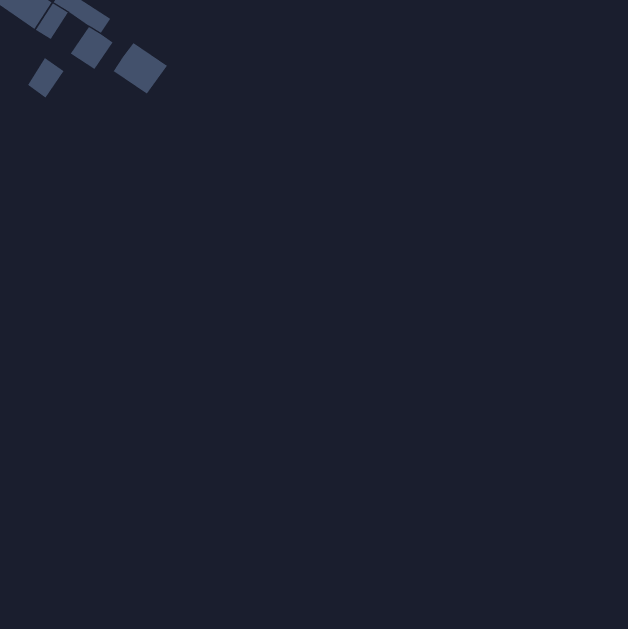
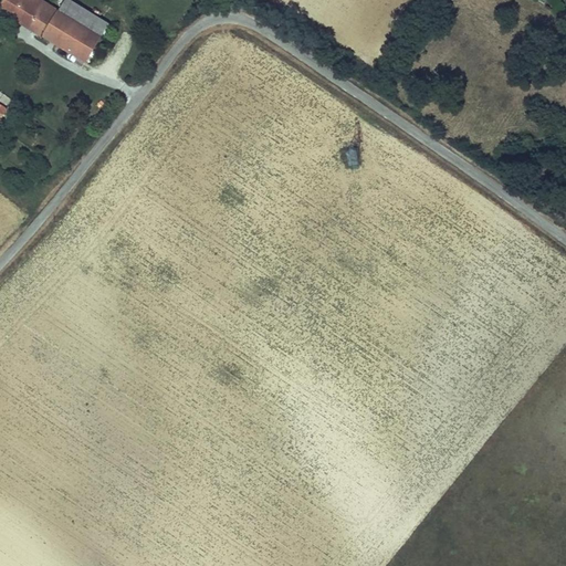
building: [113,42,168,95] -> none
building: [27,57,65,99] -> [45,11,78,48]

